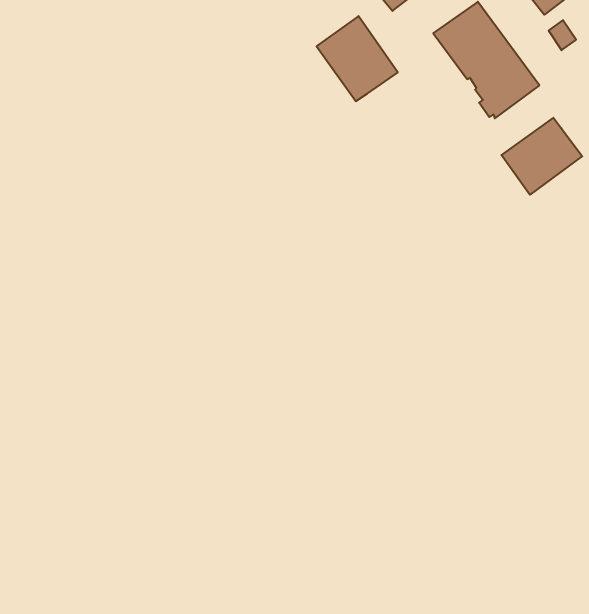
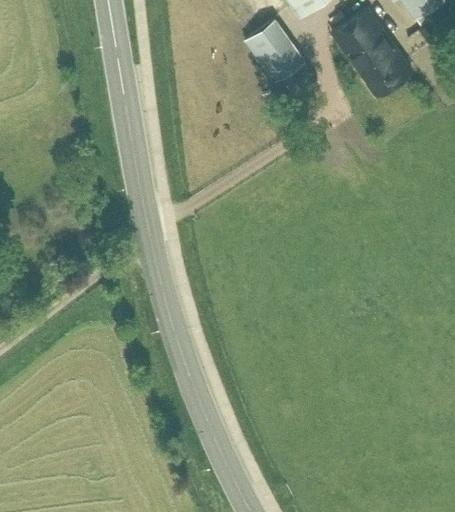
building: [501,118,582,195] -> none

